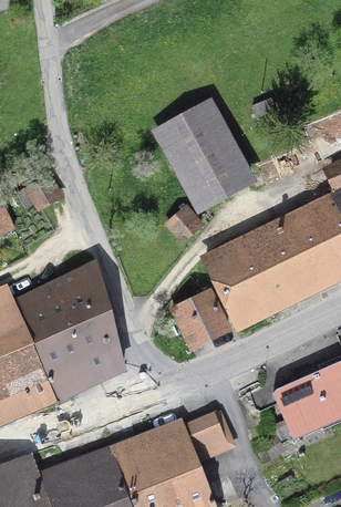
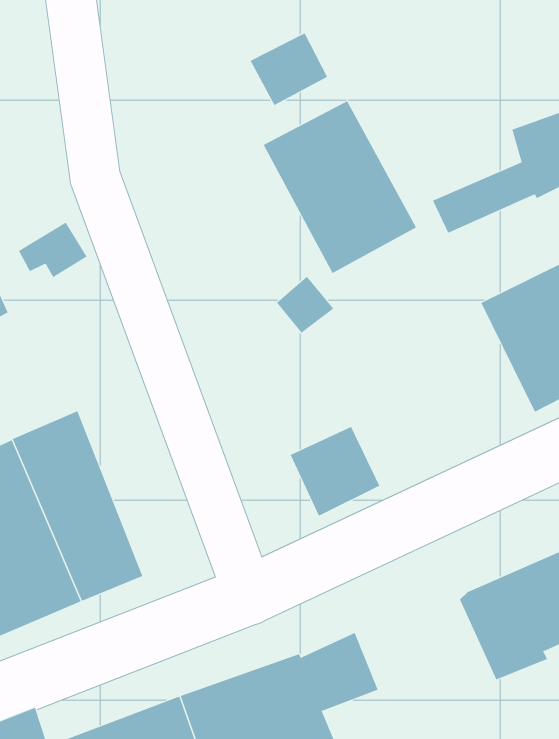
building: none -> [250,33,328,106]
building: [205,224,316,325] -> none
building: [53,266,123,381] -> none

